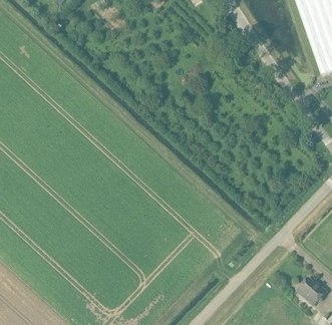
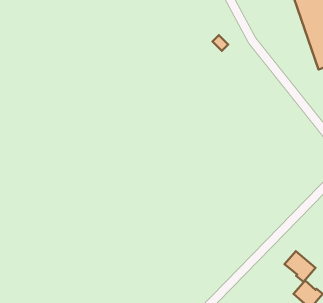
building: none -> [284,251,316,282]

